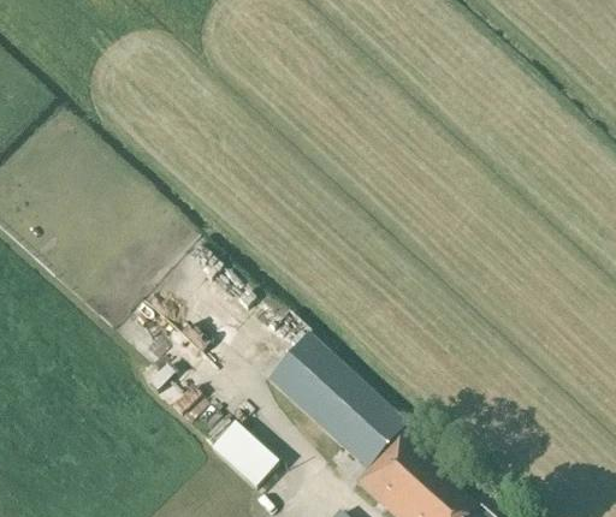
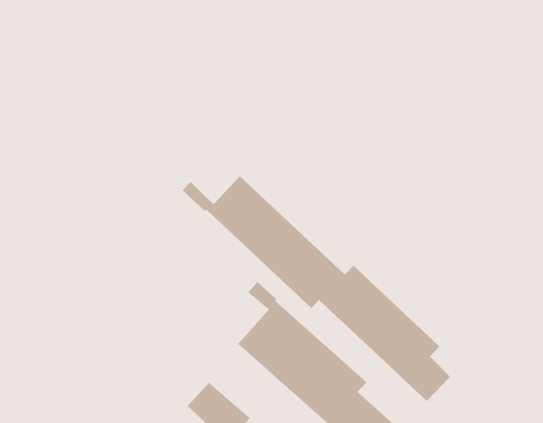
building: none -> [182,175,451,402]

